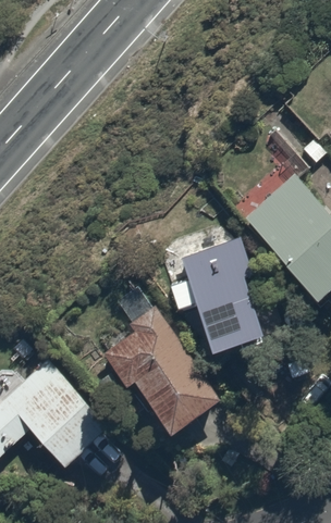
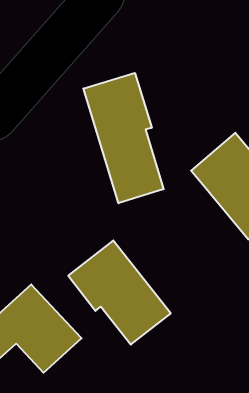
building: none -> [83,73,164,203]
building: [180,239,262,353] -> none

